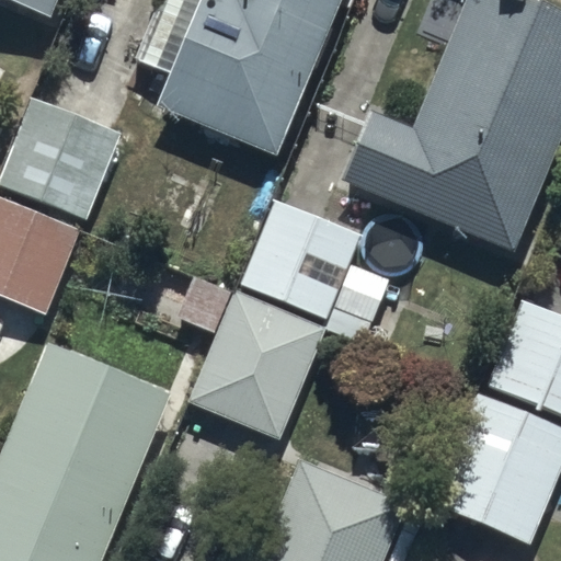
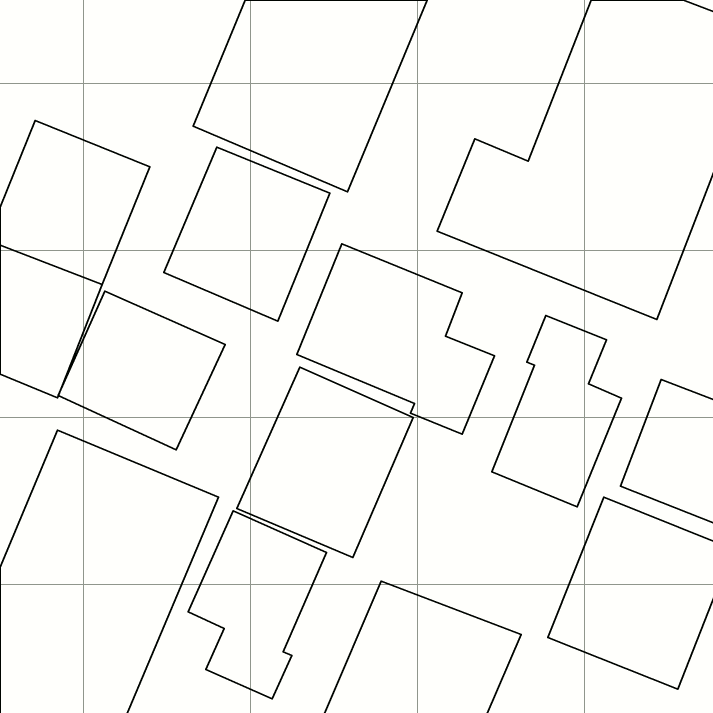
building: none -> [164,147,330,321]
building: none -> [58,291,225,450]
building: none -> [492,315,621,507]
building: none -> [188,511,326,699]

